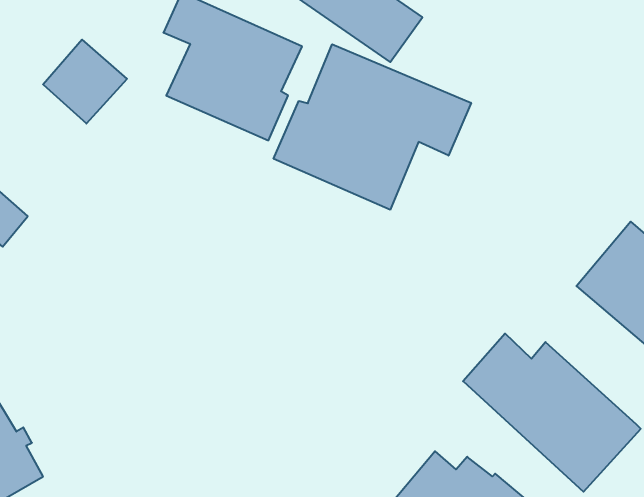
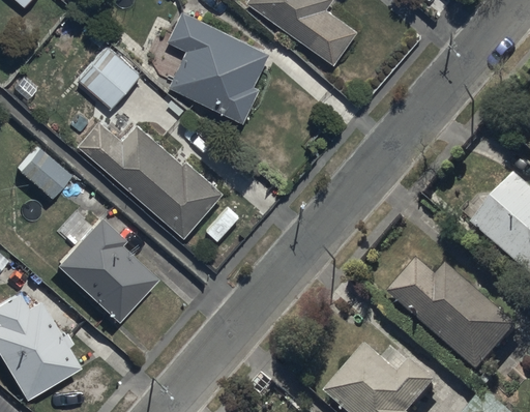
building: [274,44,471,210] -> none
building: none -> [78,117,225,237]
building: none -> [54,216,154,321]

